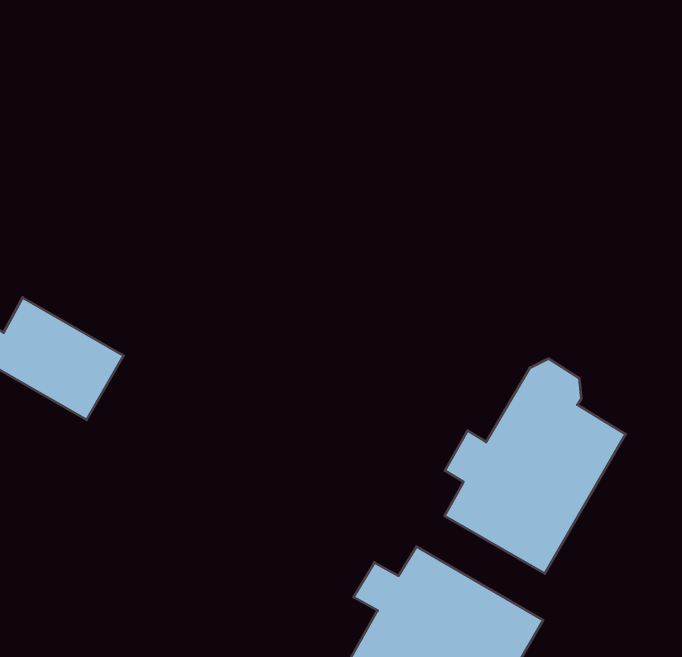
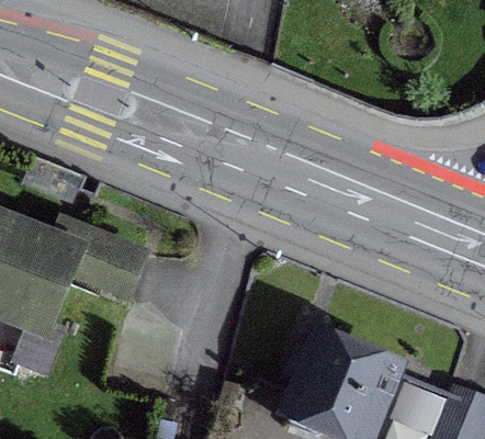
building: [445,359,626,574] -> none

